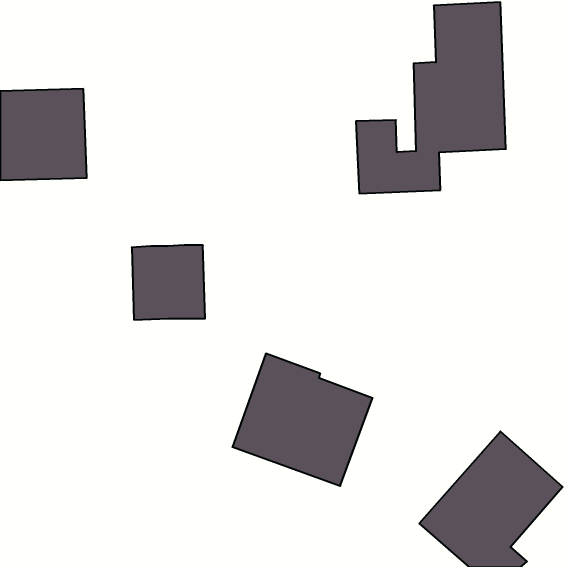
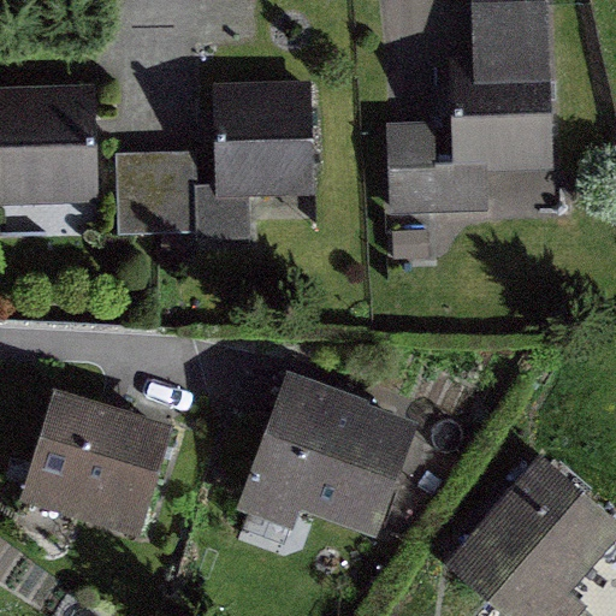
building: none -> [213,90,312,190]
building: [132,245,205,320] -> [116,154,195,235]
building: none -> [23,401,166,533]

